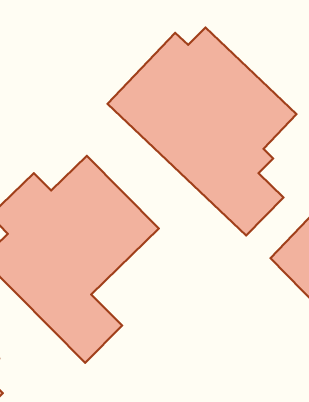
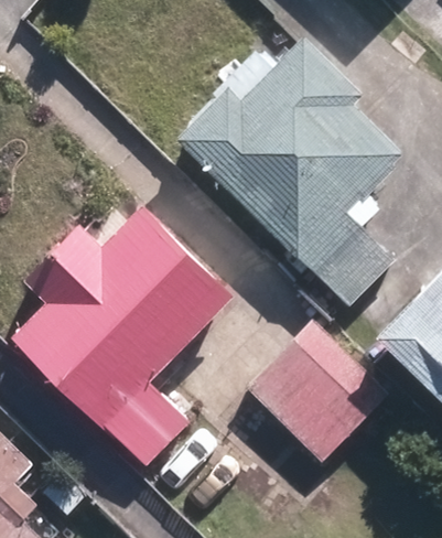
building: none -> [248,321,389,462]

